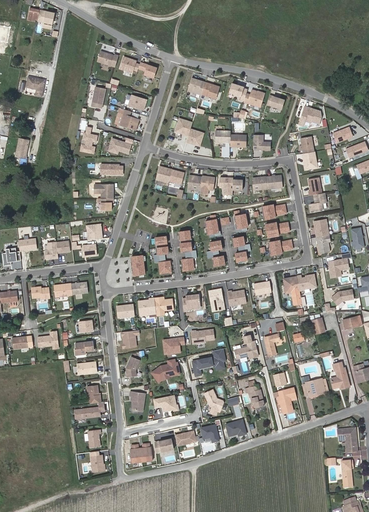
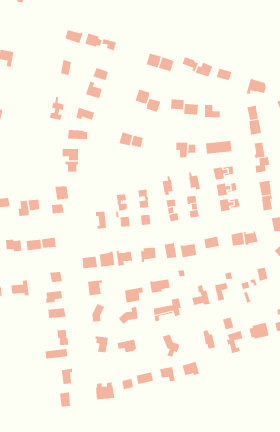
building: [187,175,214,195] -> none

